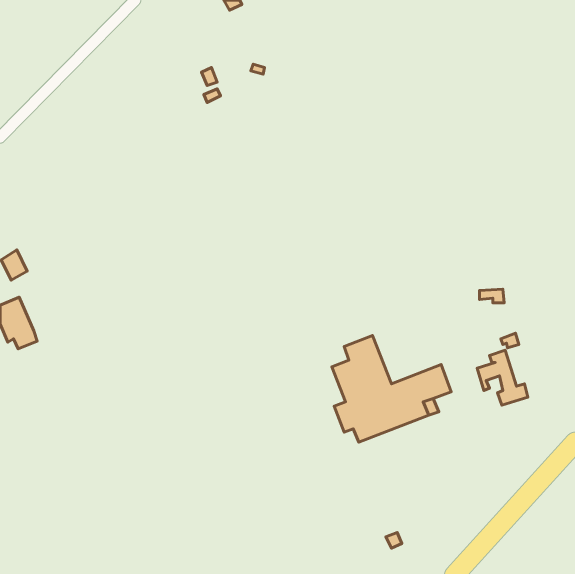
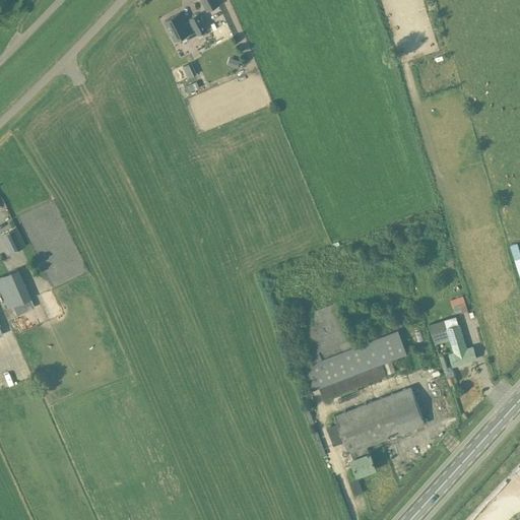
building: none -> [165,13,207,41]
building: none -> [327,387,425,476]

